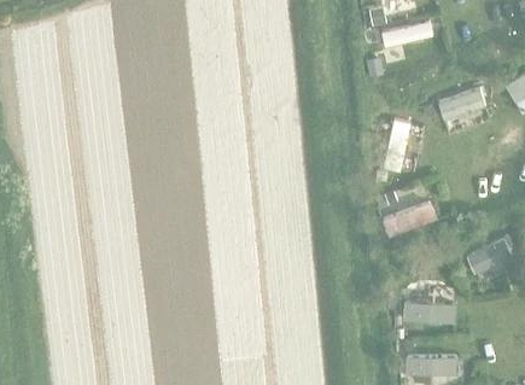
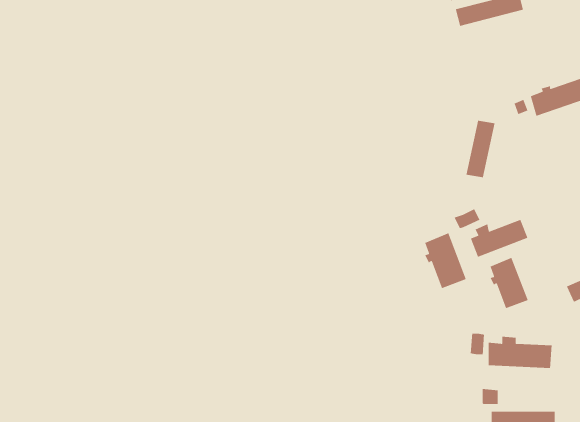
building: none -> [424,232,467,289]
building: none -> [490,257,529,309]

